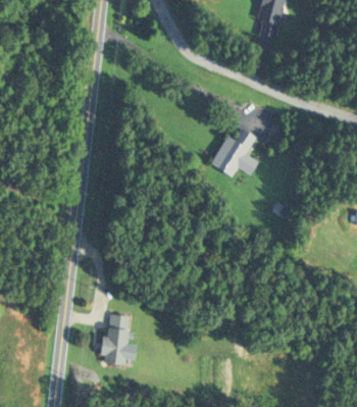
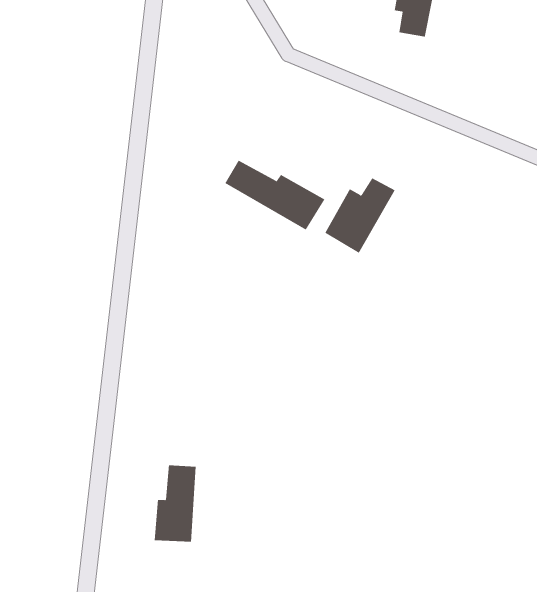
building: none -> [225,160,325,230]

